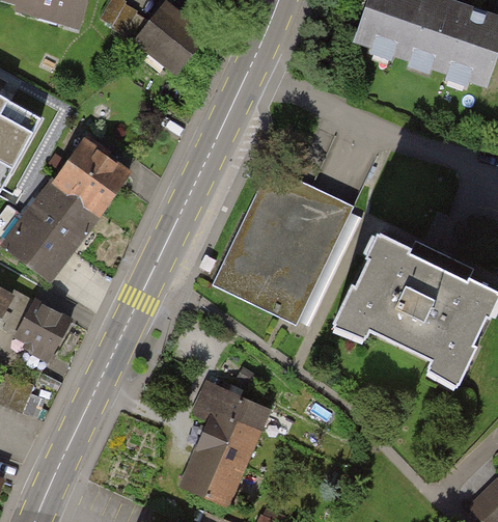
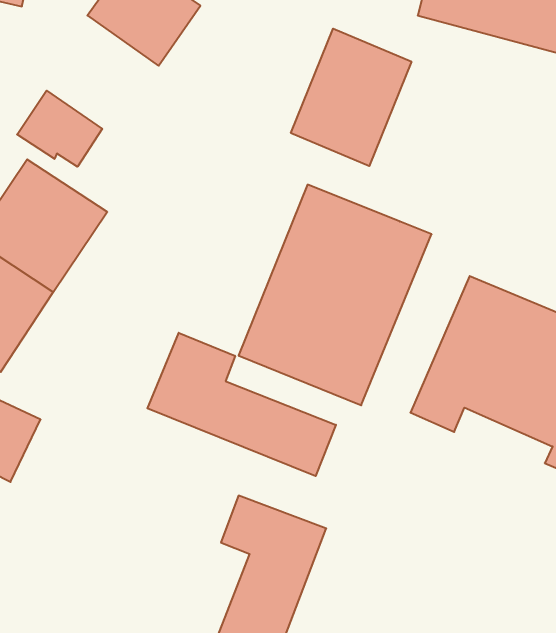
building: none -> [291,29,411,166]
building: none -> [17,91,102,167]
building: none -> [147,333,336,476]

